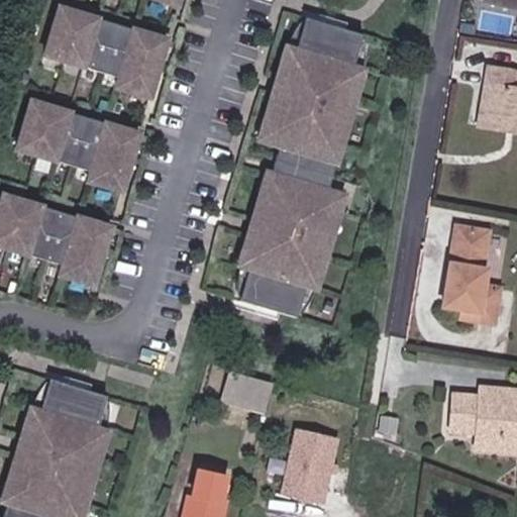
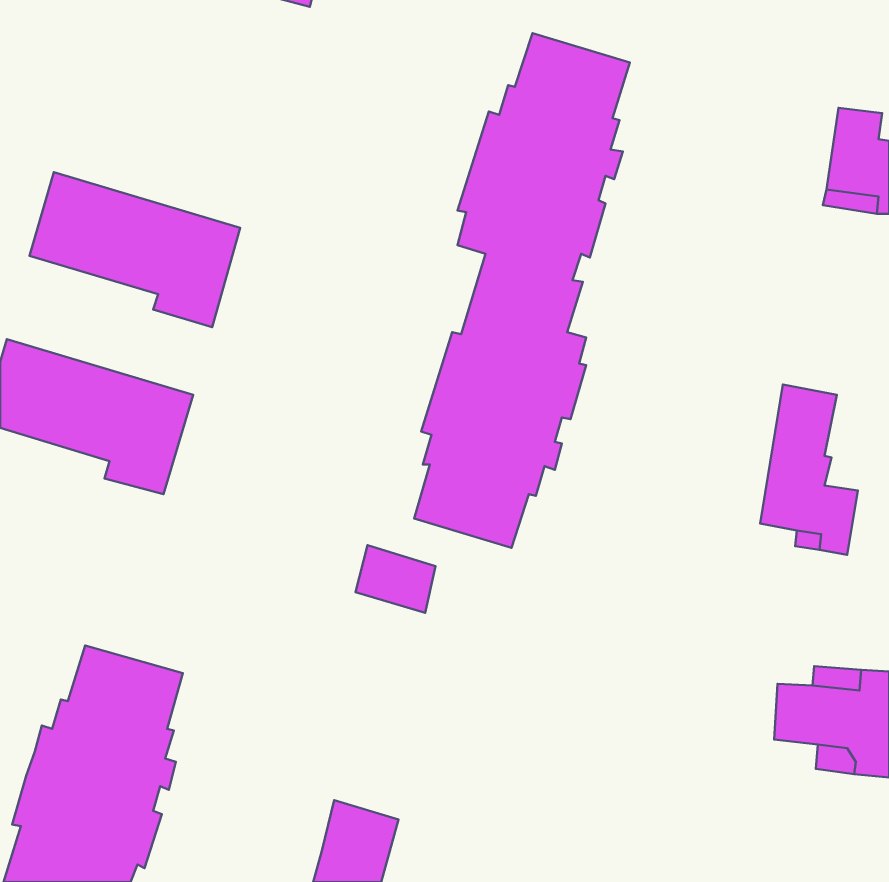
building: [45,6,169,96] -> none
building: [225,373,272,412] -> [355,545,435,613]
building: [279,425,339,500] -> none

